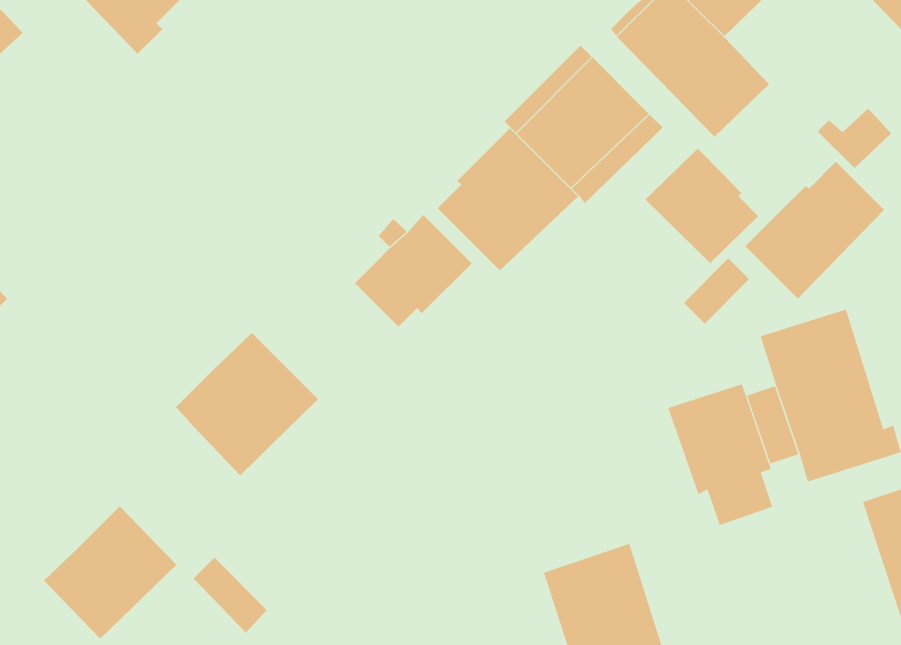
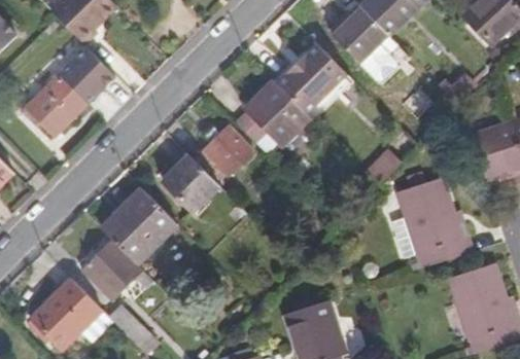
building: none -> [15,47,111,136]
building: [645,148,759,264] -> none
building: [745,161,885,300] -> none
building: none -> [161,153,214,211]
building: [668,384,773,526] -> none
building: none -> [77,241,149,301]

